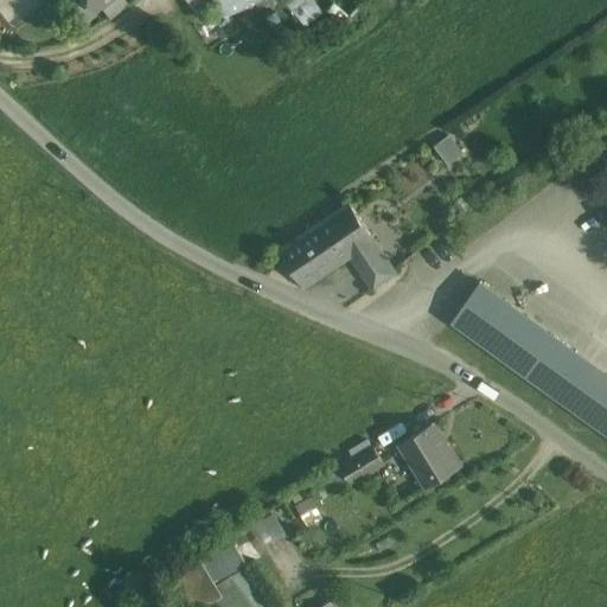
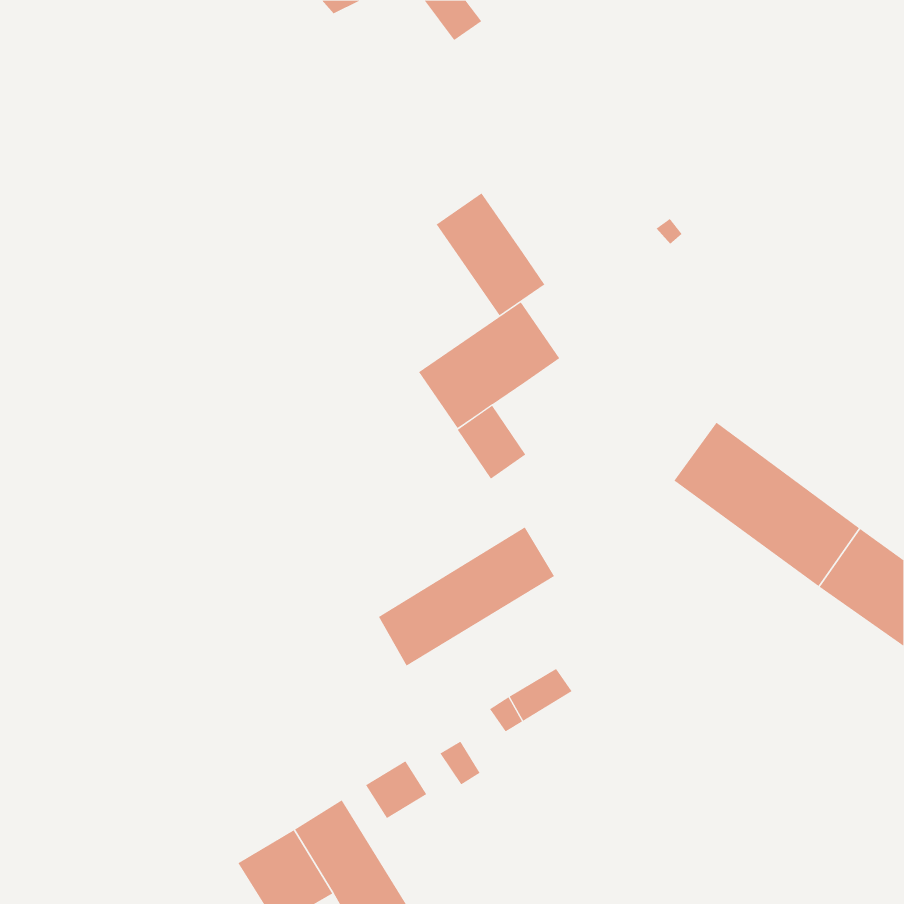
building: none -> [436,192,545,316]
building: [351,241,397,290] -> [457,405,526,479]
building: none -> [378,527,555,666]
building: [398,424,460,487] -> none

